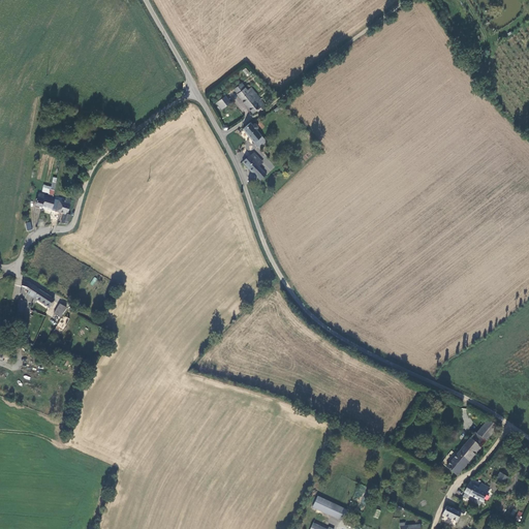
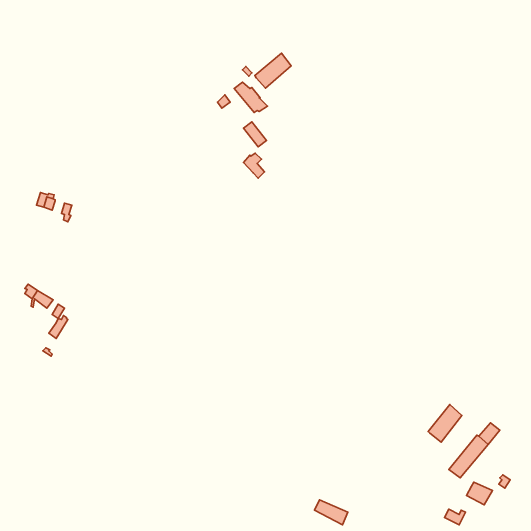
building: none -> [255,53,291,88]
building: none -> [428,405,462,442]

